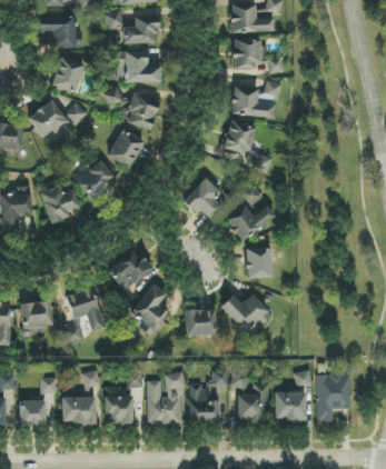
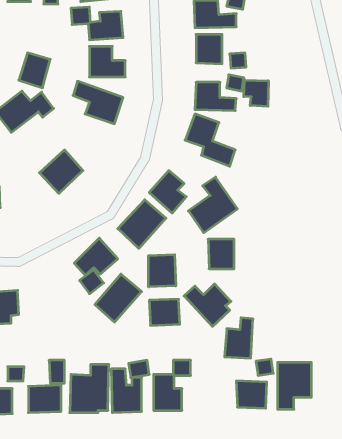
building: [38,16,75,47] -> none
building: none -> [244,80,268,106]
building: [107,130,143,168] -> none
building: [39,186,80,221] -> none
building: none -> [118,200,166,248]
building: none -> [149,255,176,287]
building: [65,287,103,340] -> none
building: [236,382,265,423] -> [225,318,253,358]

